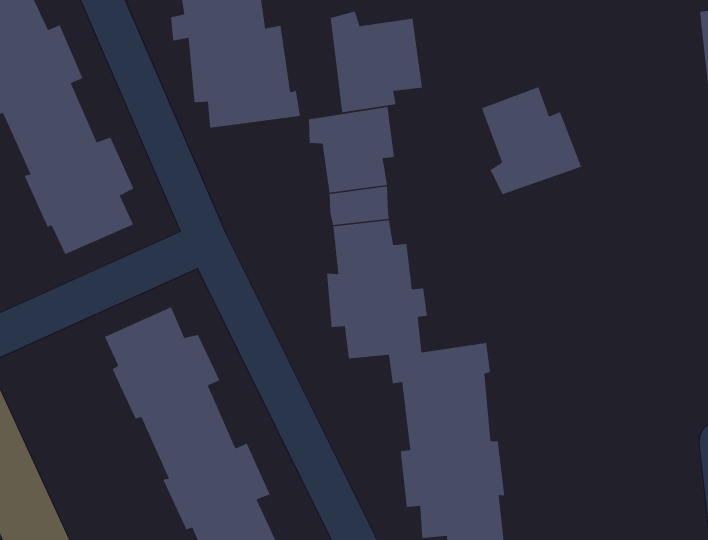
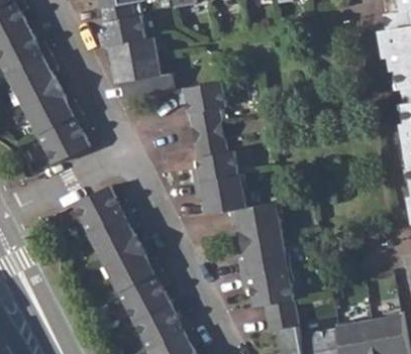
building: [330,11,423,113] -> none
building: [481,86,582,195] -> none

